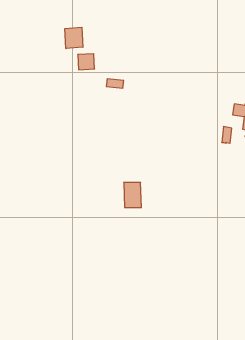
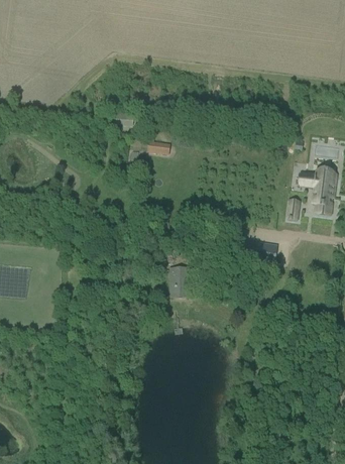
building: [65,27,83,49] -> none

